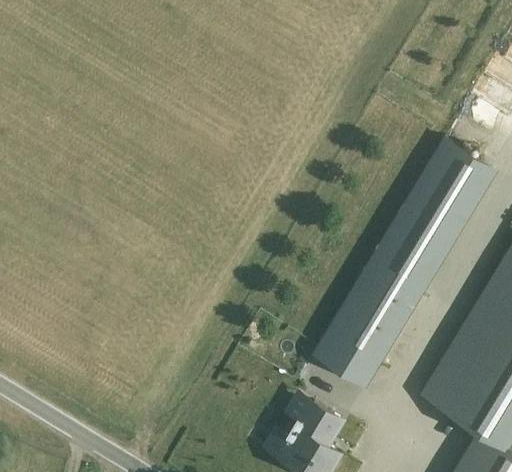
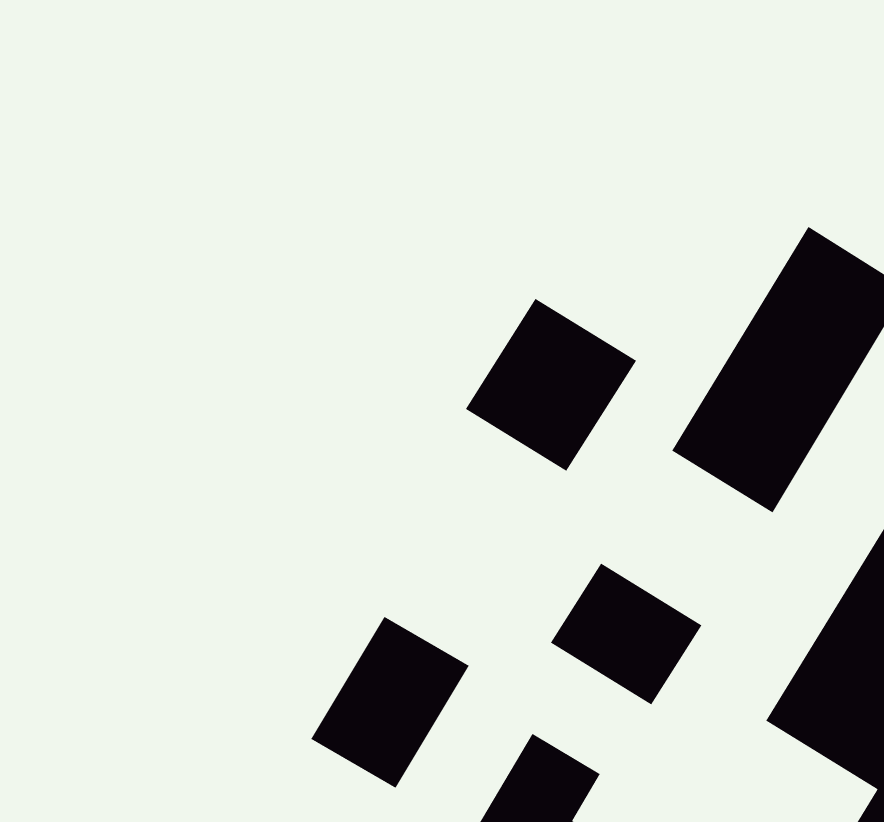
building: [339,255,427,344] -> [465,298,637,472]
building: none -> [310,616,470,789]

